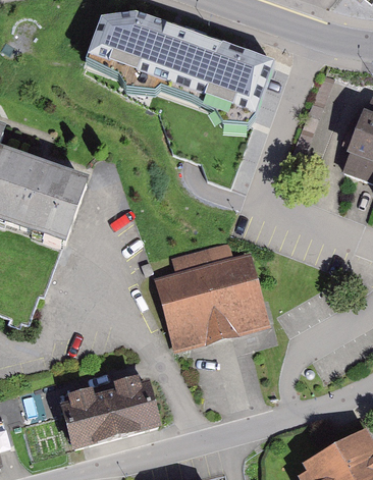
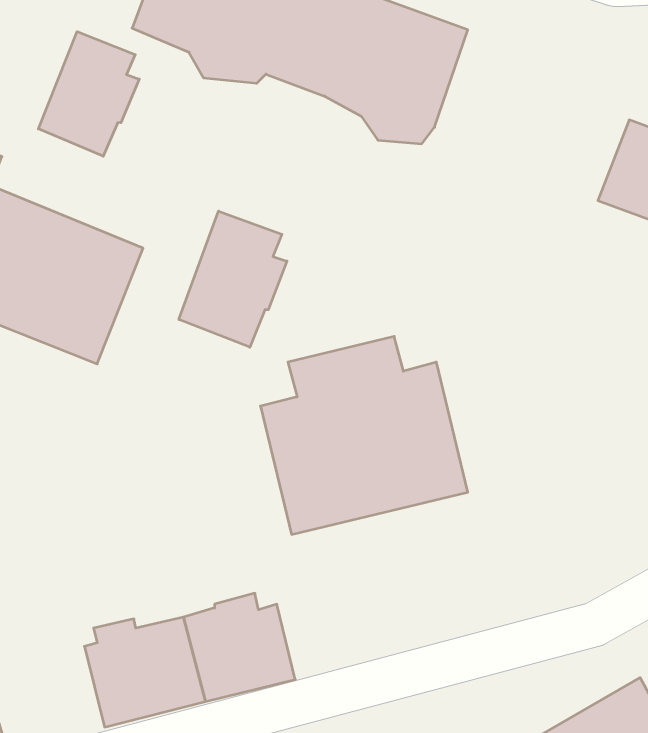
building: none -> [38,32,139,156]
building: none -> [179,211,287,347]

